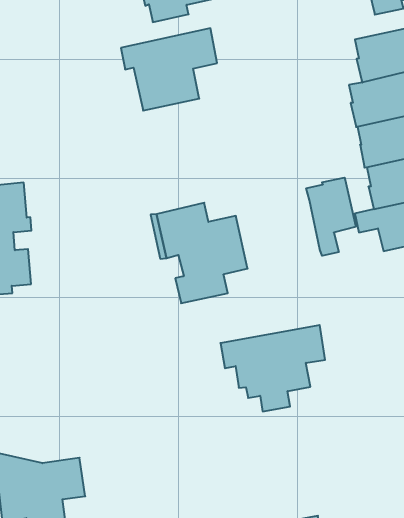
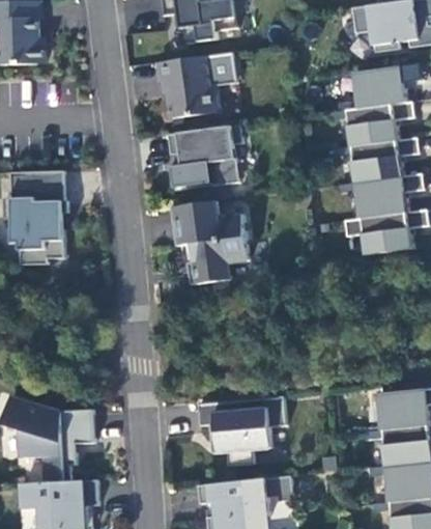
building: none -> [167,126,241,188]
building: [306,178,356,256] -> none
building: [220,325,325,411] -> [197,396,285,466]

